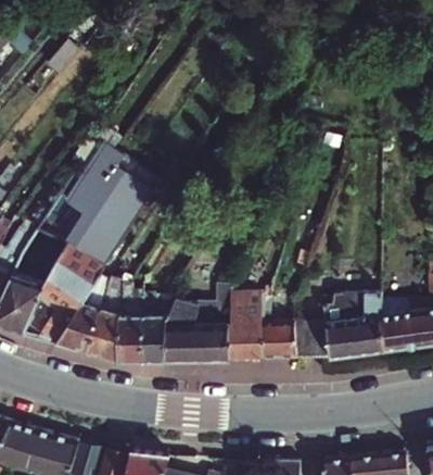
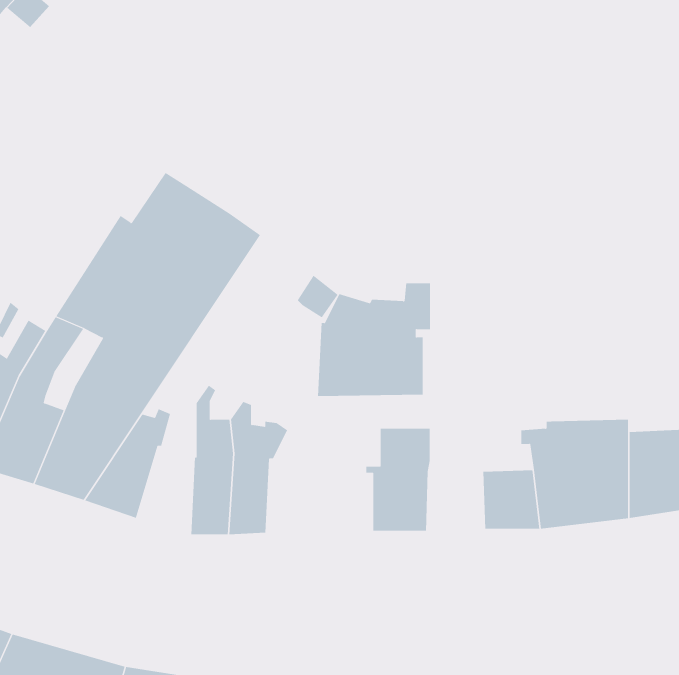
building: [86,279,122,362] -> none
building: [164,292,232,361] -> [317,283,431,396]
building: [260,324,295,360] -> none

